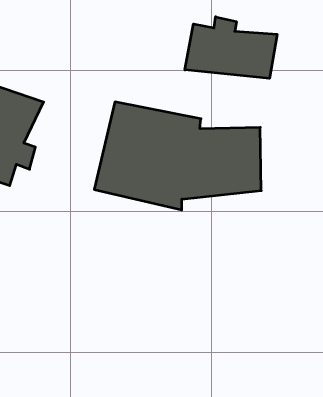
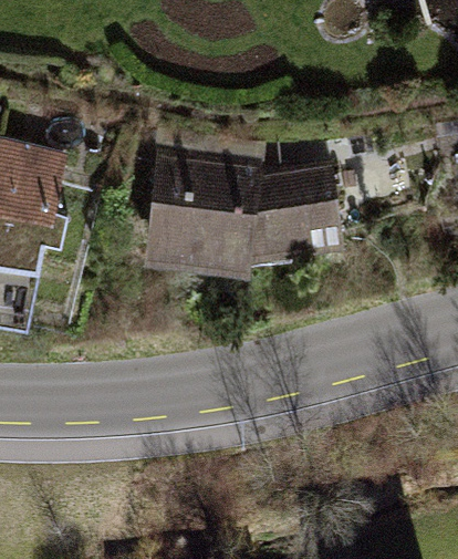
building: [185,17,277,78] -> none

